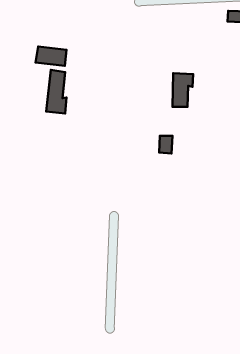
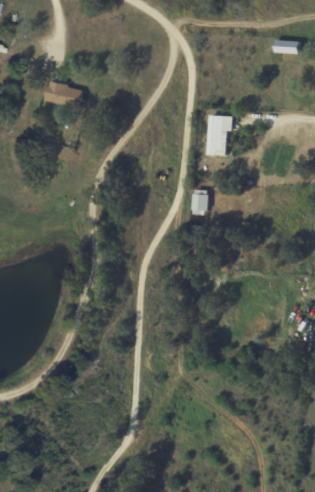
building: [46,70,67,113] -> none

